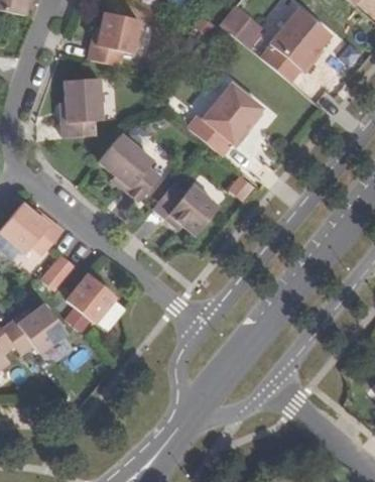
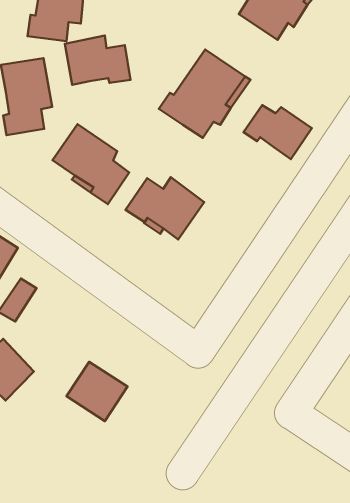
building: none -> [65,35,131,85]
building: none -> [244,105,312,159]
building: [66,273,116,323] -> [66,362,128,421]

